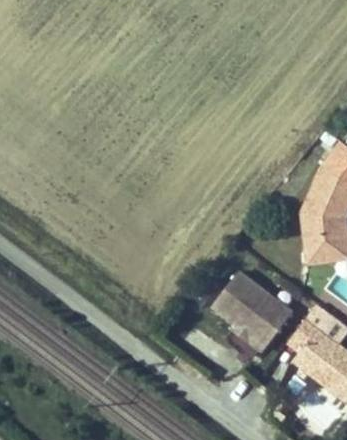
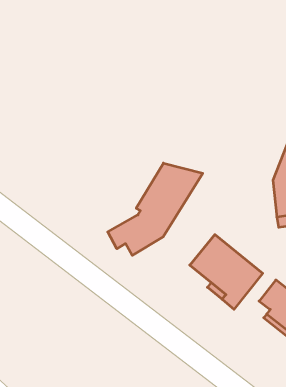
building: none -> [108,163,203,255]

